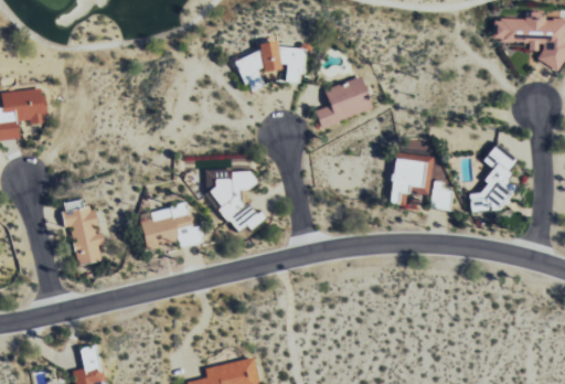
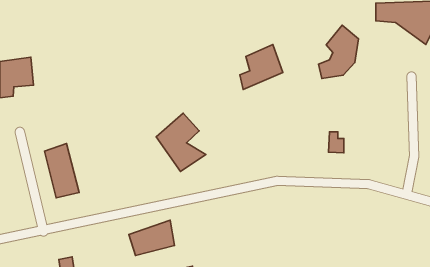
building: [232,41,302,81] -> none
building: [466,140,518,210] -> [319,25,358,79]
building: [387,153,429,202] -> none
building: [137,204,196,250] -> [129,220,174,256]

